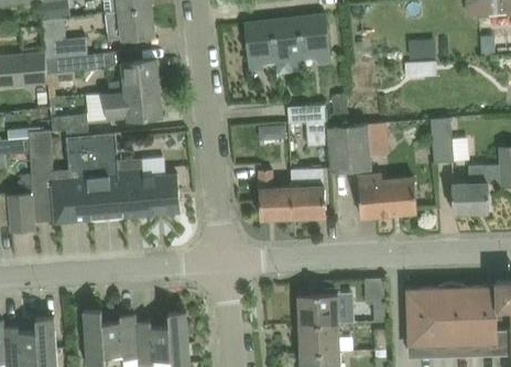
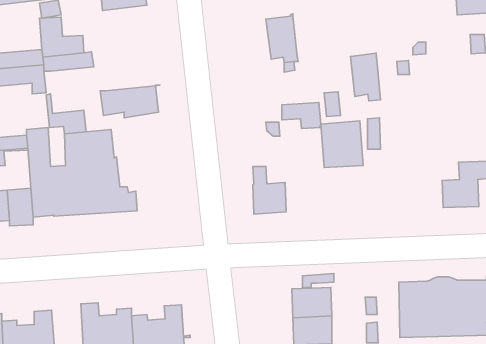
building: [106,7,154,40] -> none
building: [300,14,330,63] -> [350,53,381,101]
building: [244,19,278,71] -> none
building: [108,60,164,94] -> none
building: [431,118,454,163] -> none
building: [120,160,181,216] -> none
building: [291,169,326,217] -> none
building: [358,174,417,217] -> none

